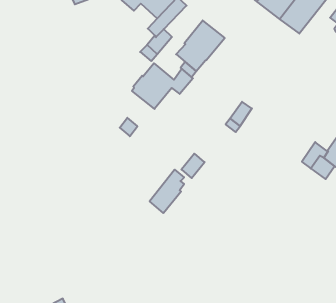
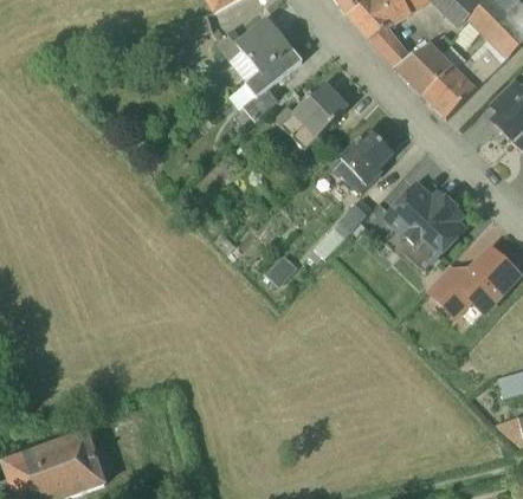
building: none -> [334,129,392,190]
building: [132,63,193,109] -> none
building: none -> [386,184,463,254]
building: [150,170,184,213] -> none

